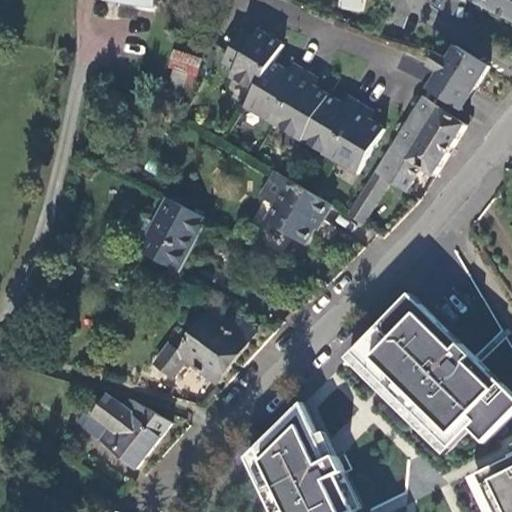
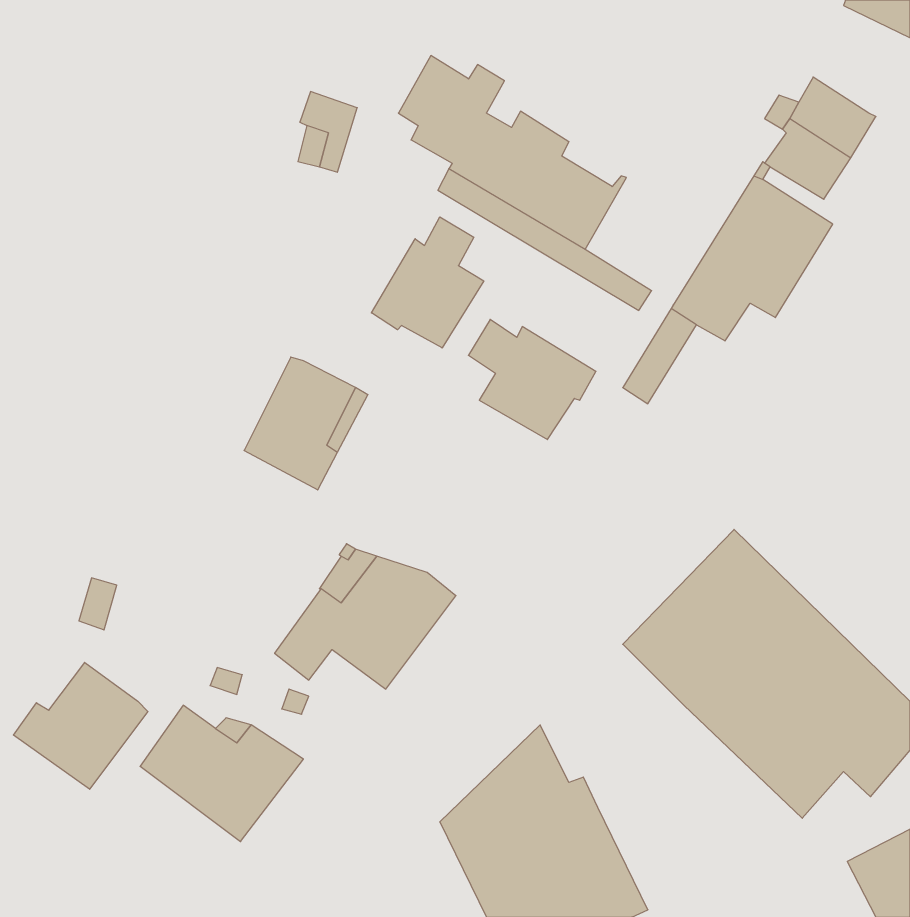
building: [326,99,383,162] -> none
building: none -> [371,217,484,348]
building: none -> [13,662,148,789]

